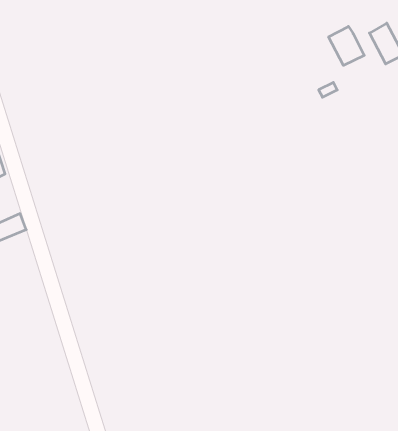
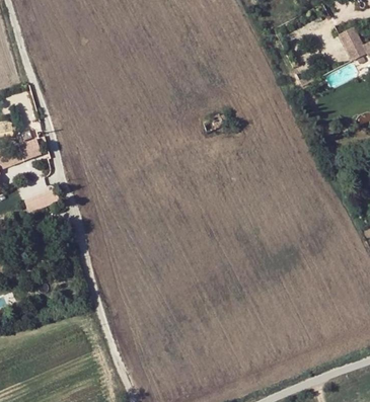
building: [329,26,364,65] -> none

